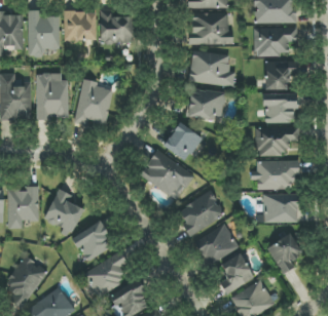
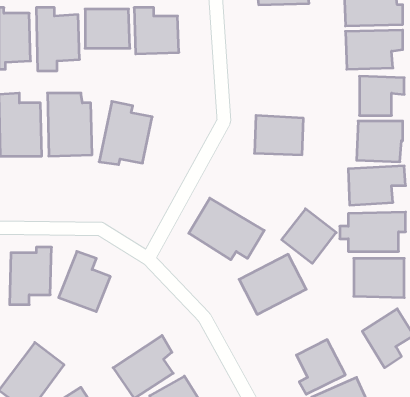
building: [190,12,229,44] -> none
building: [188,50,234,86] -> none
building: [161,121,202,161] -> [282,209,336,263]
building: [72,221,110,262] -> none
building: [195,224,239,265] -> none

